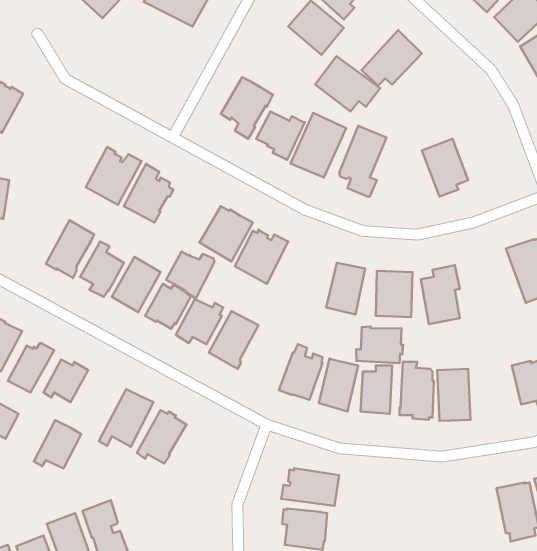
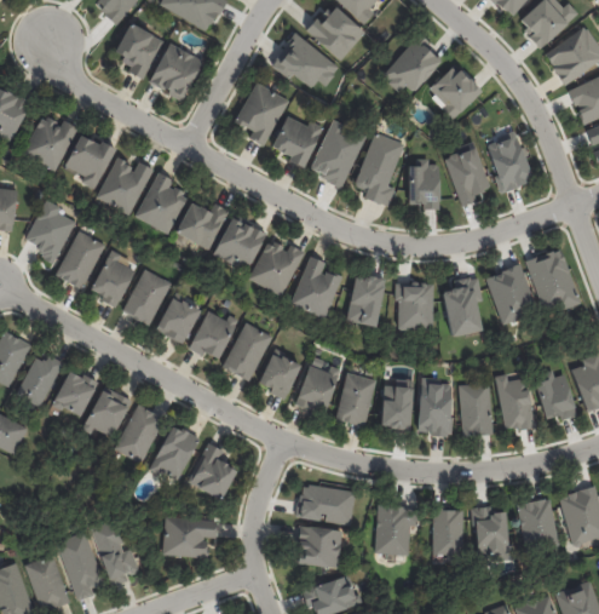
building: none -> [117,22,161,79]
building: none -> [150,41,205,99]
building: [315,56,380,112] -> [270,34,336,91]
building: none -> [424,64,478,119]
building: none -> [22,115,76,171]
building: none -> [488,130,535,194]
building: none -> [65,133,117,188]
building: none -> [407,160,437,210]
building: none -> [21,199,73,260]
building: none -> [290,256,342,317]
building: [166,251,215,299] -> [178,201,227,249]
building: none -> [482,264,534,323]
building: [356,326,403,363] -> none
building: none -> [259,349,301,401]
building: none -> [494,374,530,430]
building: [34,420,81,469] -> [82,386,131,436]
building: none -> [189,443,238,499]
building: none -> [374,503,416,553]
building: none -> [468,506,508,560]
building: none -> [433,509,463,563]
building: none -> [163,516,220,558]

